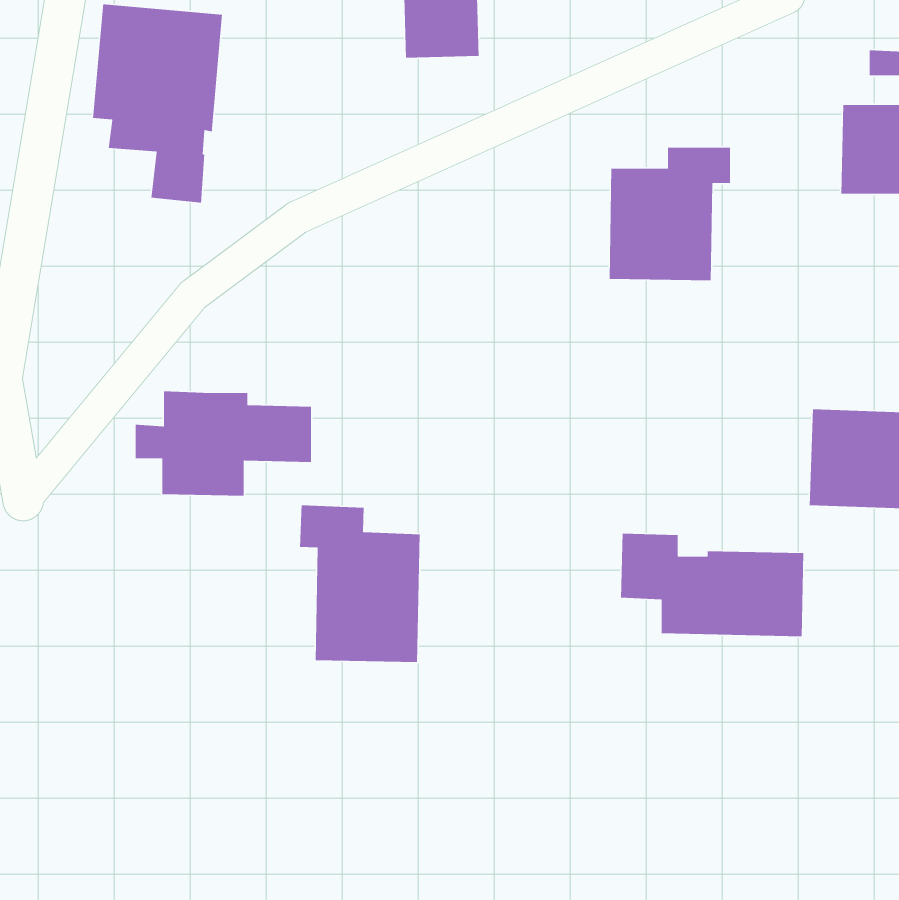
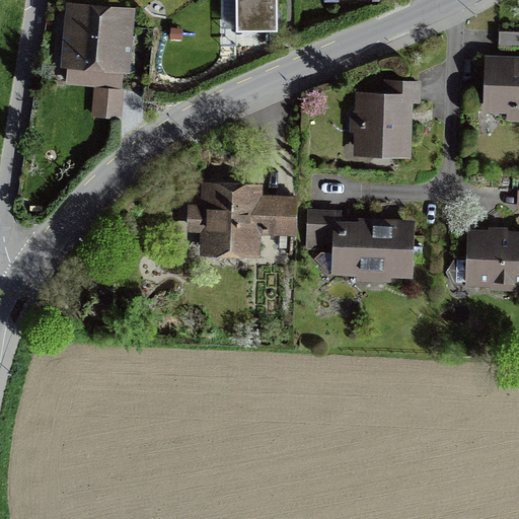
building: [135,390,312,496] -> [196,187,297,247]
building: [299,505,421,663] -> none
building: [620,533,804,637] -> [308,211,414,271]

